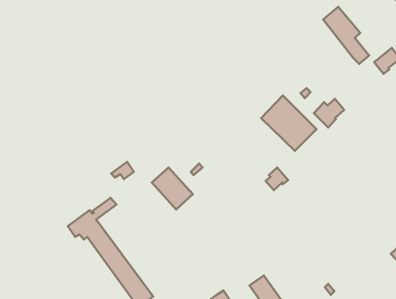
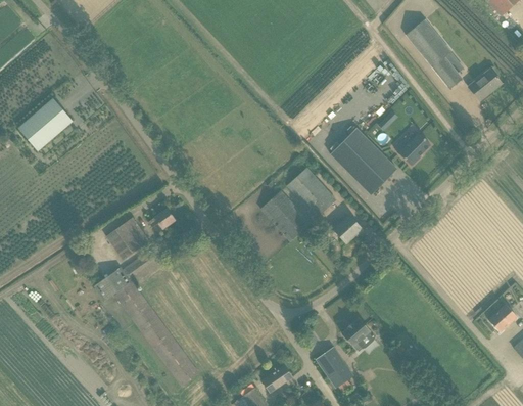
building: none -> [17,98,73,151]
building: none -> [286,167,336,218]
building: [152,168,193,209] -> [259,190,310,241]
building: none -> [106,217,148,260]
building: none -> [341,318,375,350]

